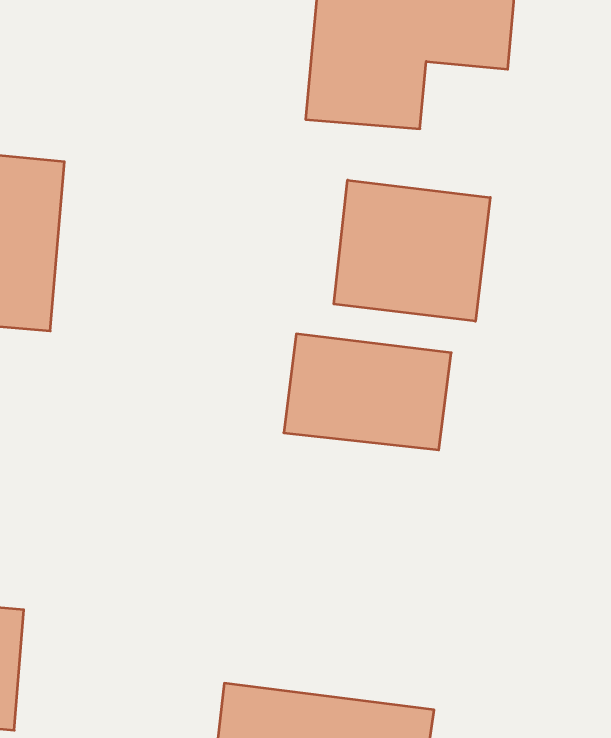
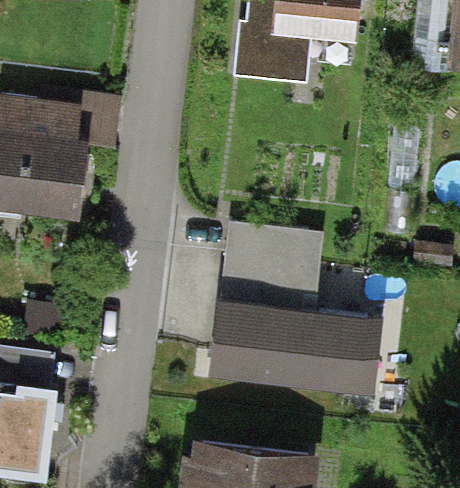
building: [334,180,490,321] -> none
building: none -> [213,282,388,375]

